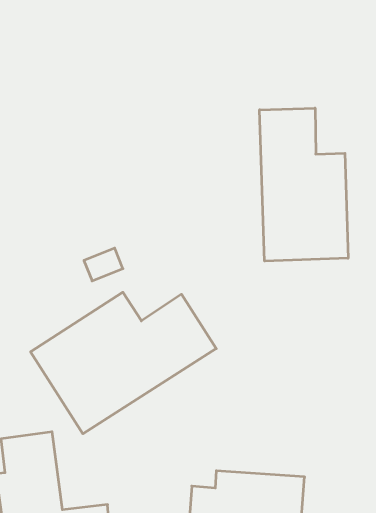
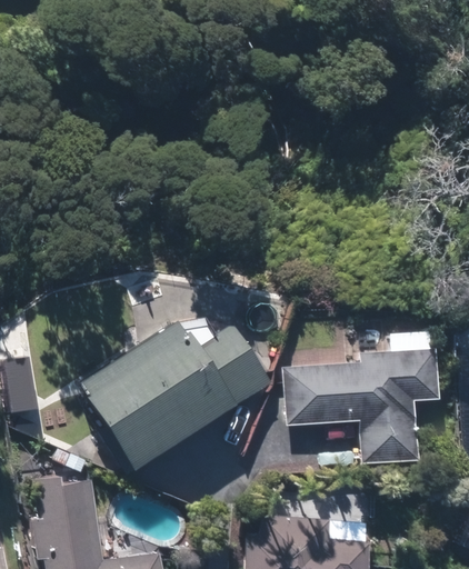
building: [260,108,348,261] -> none
building: none -> [285,333,440,466]

